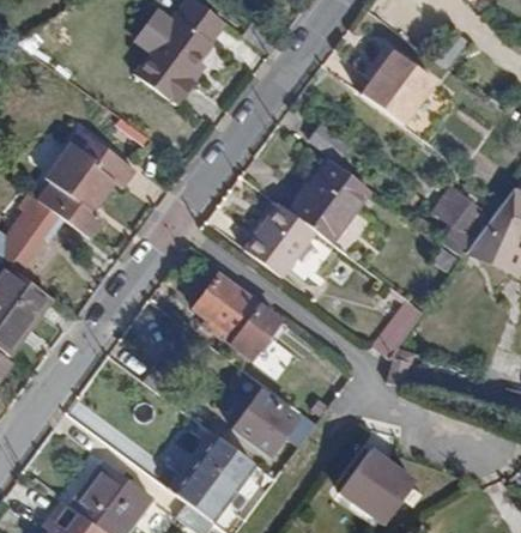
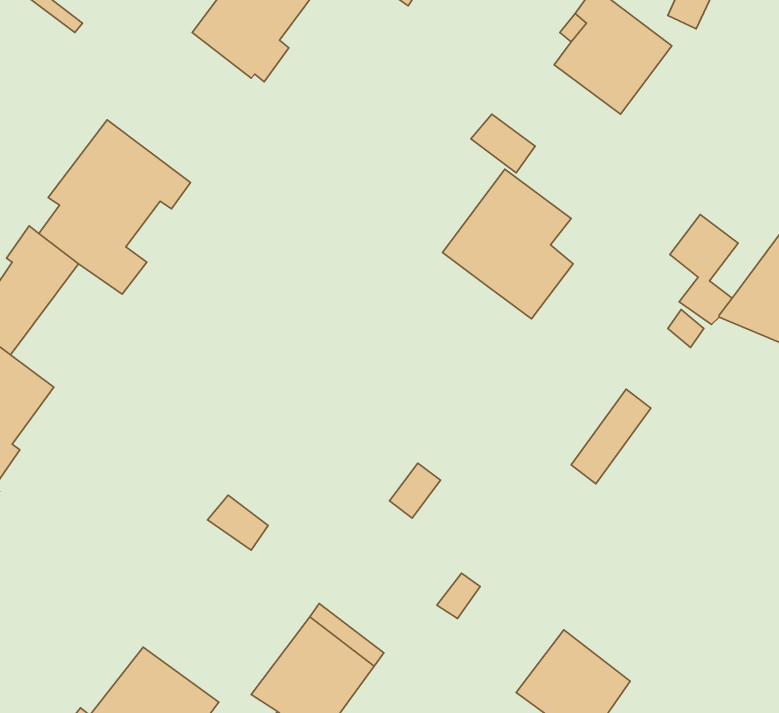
building: [249,205,321,279] -> none
building: [194,273,283,359] -> none
building: [232,389,297,453] -> none

